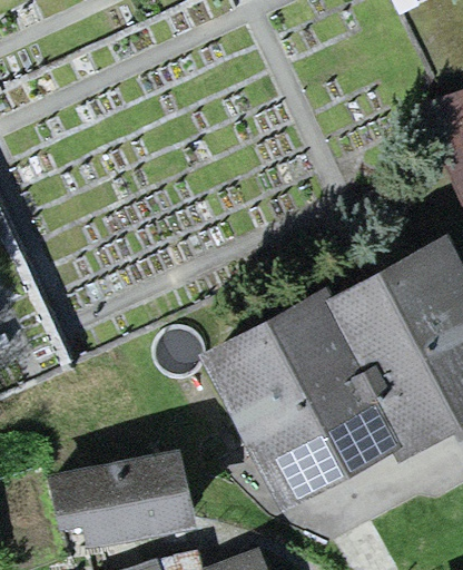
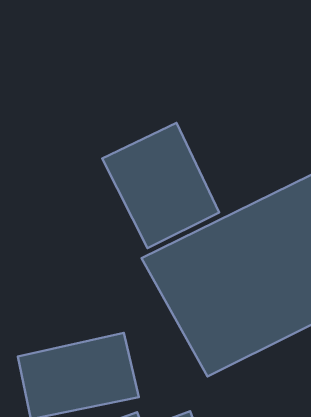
building: none -> [102,123,219,248]

